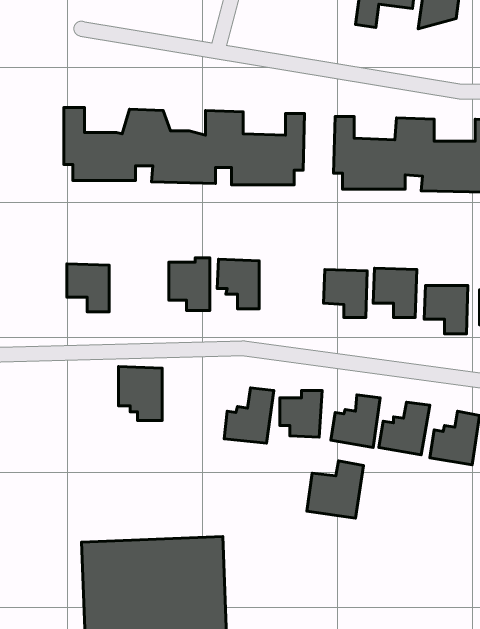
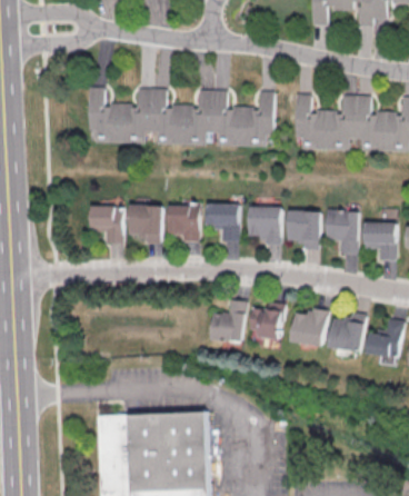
building: none -> [247,206,279,244]
building: [119,367,162,421] -> [129,204,162,245]
building: [307,461,363,518] -> none

